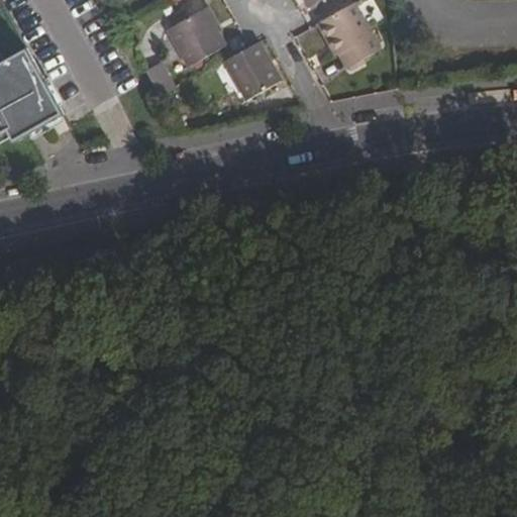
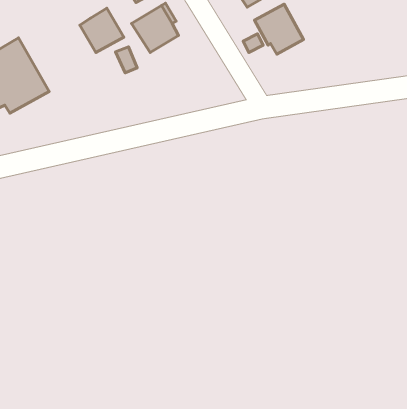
building: none -> [80,8,124,53]
building: [223,40,280,99] -> none

